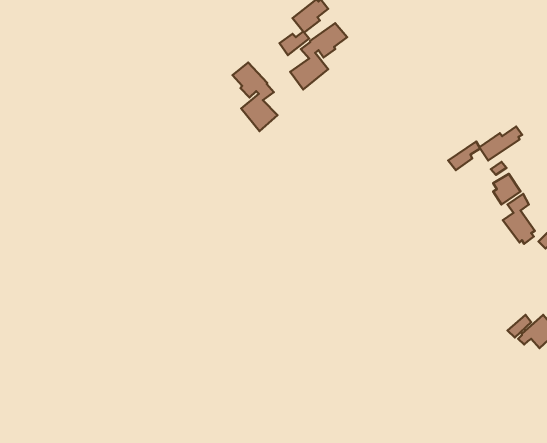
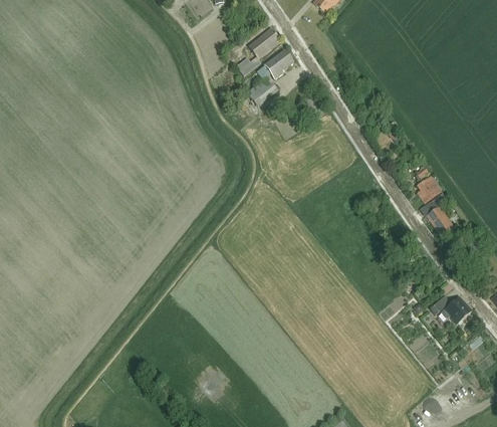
building: [232,63,278,131] -> none
building: [448,127,522,170] -> none

